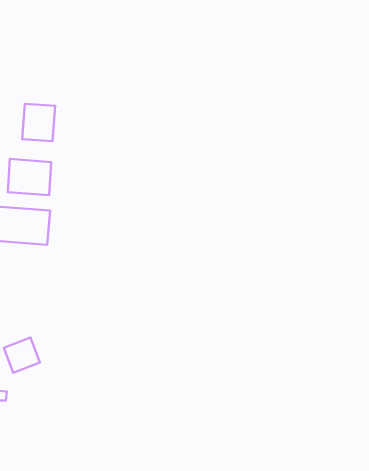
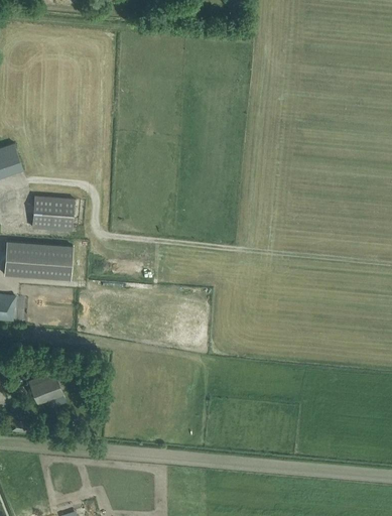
building: [22,104,55,141] -> none

